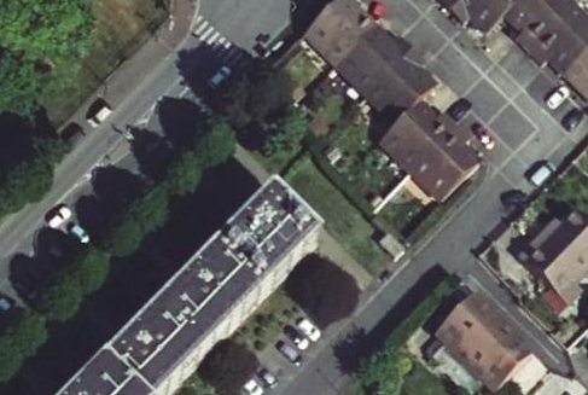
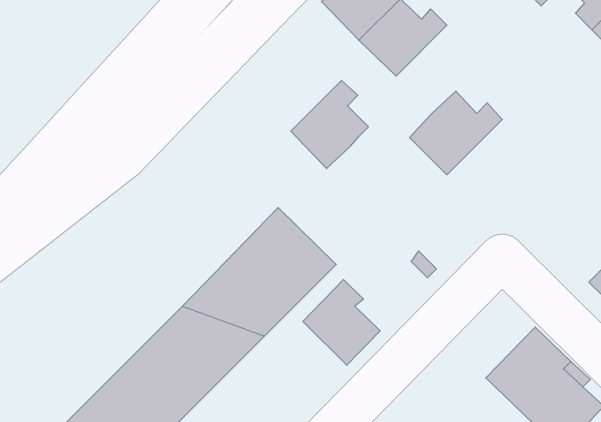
building: [365,48,427,120] -> [291,80,368,169]
building: [406,124,472,199] -> none
building: none -> [303,280,380,365]

